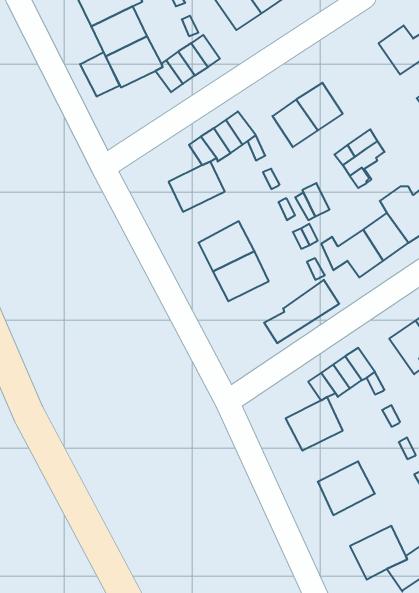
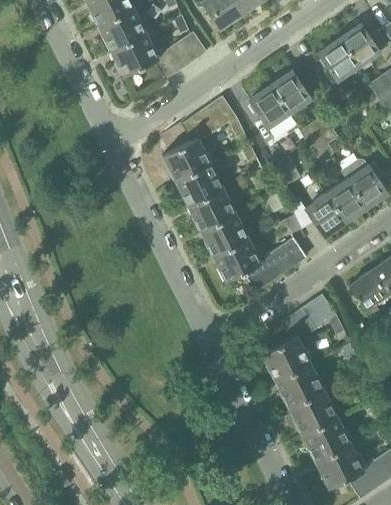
building: none -> [318,39,357,79]
building: [80,52,120,97] -> none
building: none -> [175,158,232,206]
building: none -> [213,238,260,281]
building: none -> [275,363,322,406]
building: none -> [301,416,350,460]

